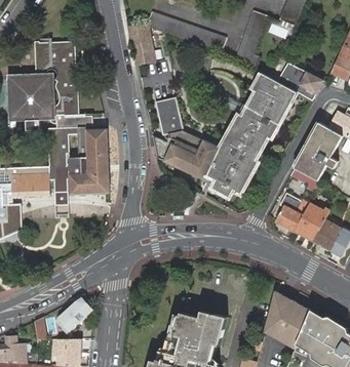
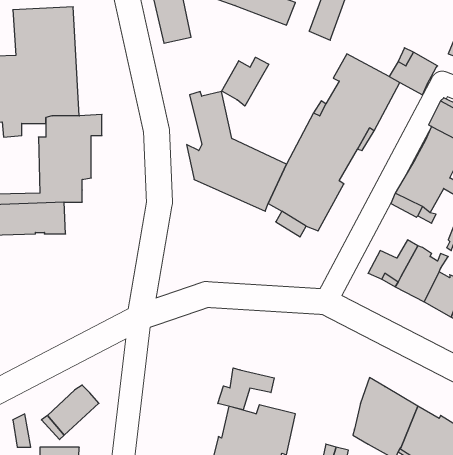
building: none -> [221,57,269,106]
building: [69,127,109,195] -> none
building: none -> [218,368,274,410]

